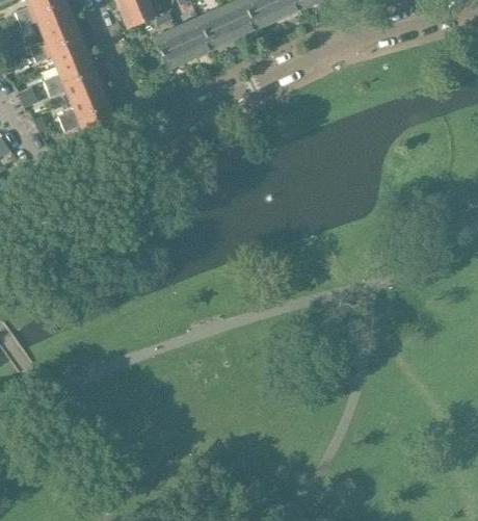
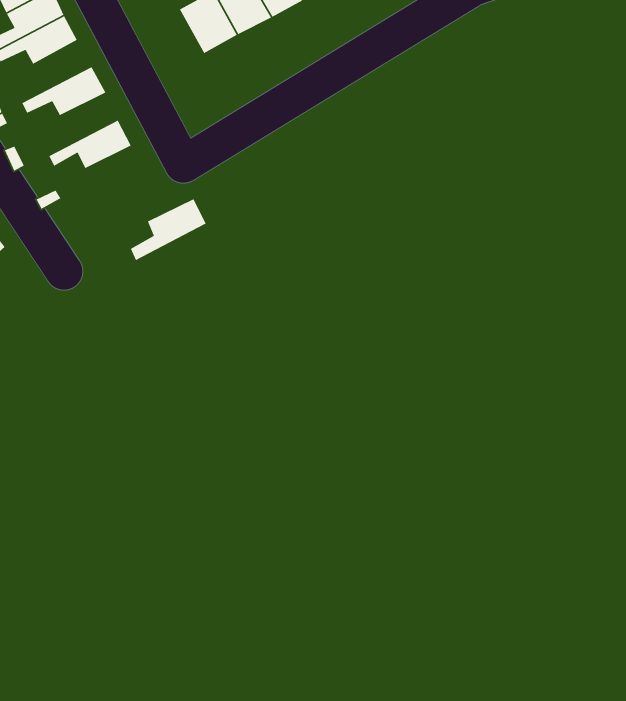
building: [44,52,94,89] -> none
building: [58,87,109,125] -> [130,198,207,261]

